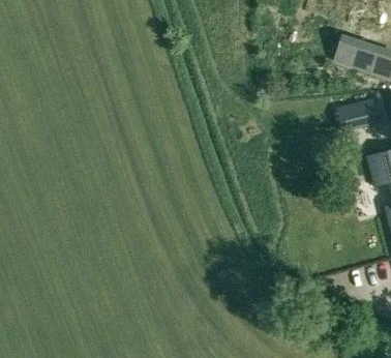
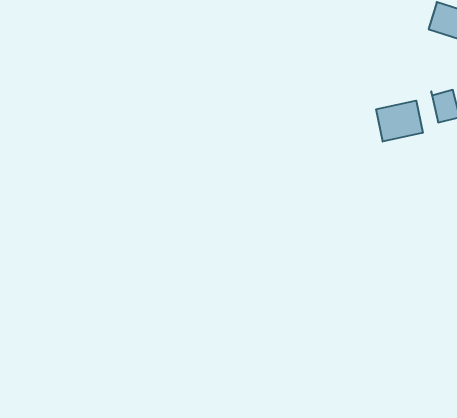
building: none -> [376,101,423,142]

